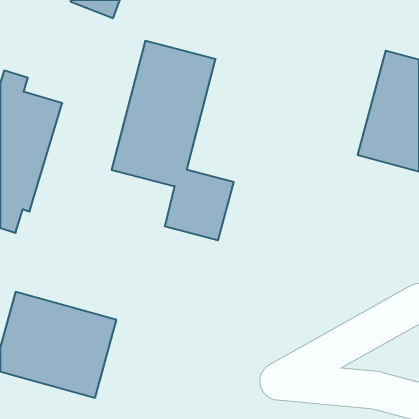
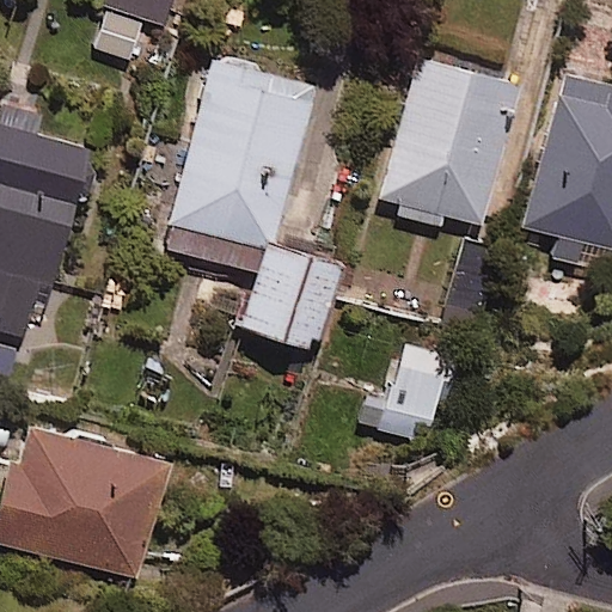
building: none -> [378,56,519,230]
building: none -> [373,342,452,443]

